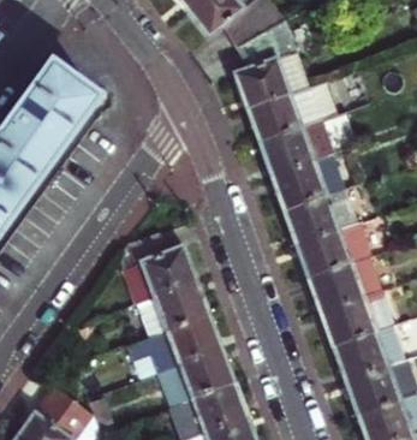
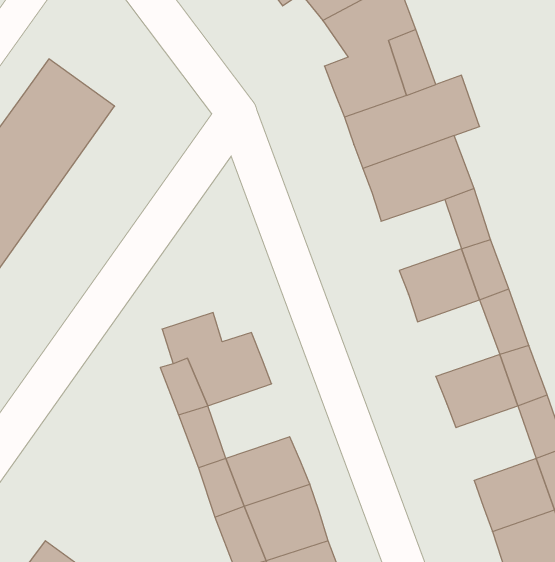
building: [272,162,324,209] -> none
building: [296,228,350,279] -> none
building: [157,284,212,333] -> none
building: [321,298,374,347] -> none

